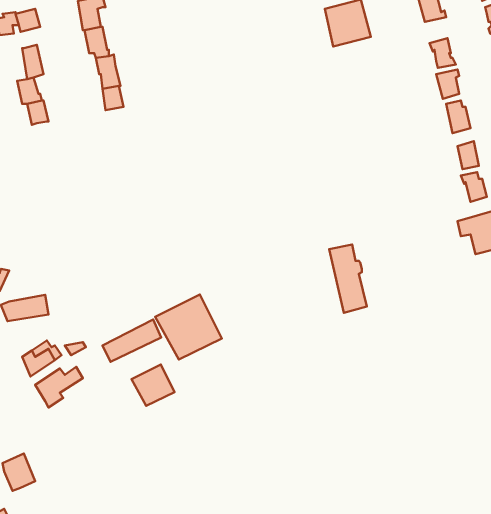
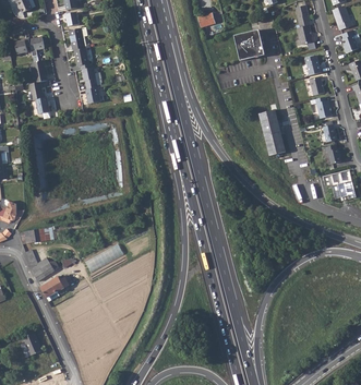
building: [329,244,367,313] -> [260,109,285,155]
building: [155,295,222,360] -> none
building: [132,365,175,406] -> none

